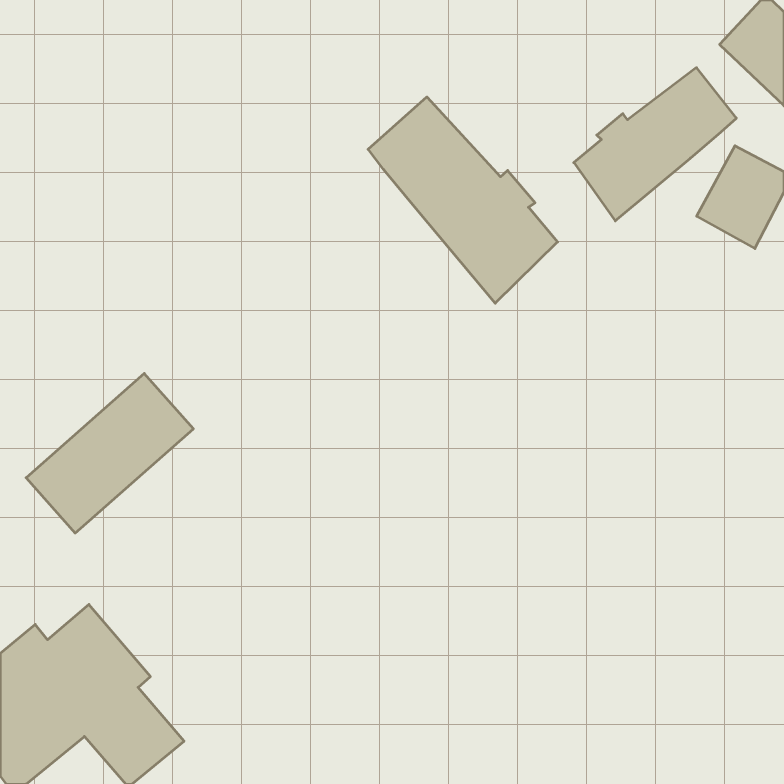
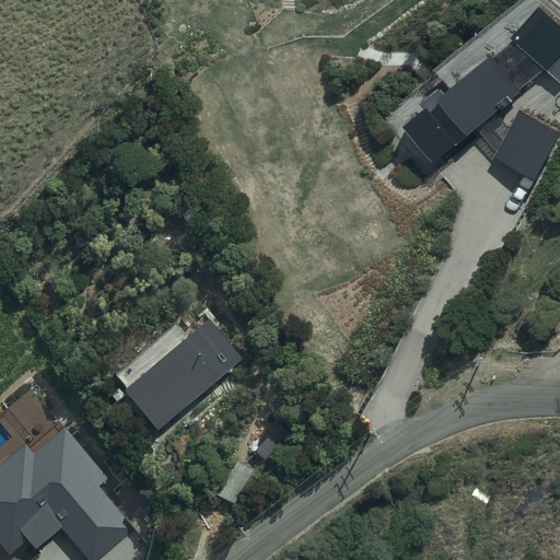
building: [368,97,558,303] -> none
building: [26,373,193,533] -> [120,319,240,433]

